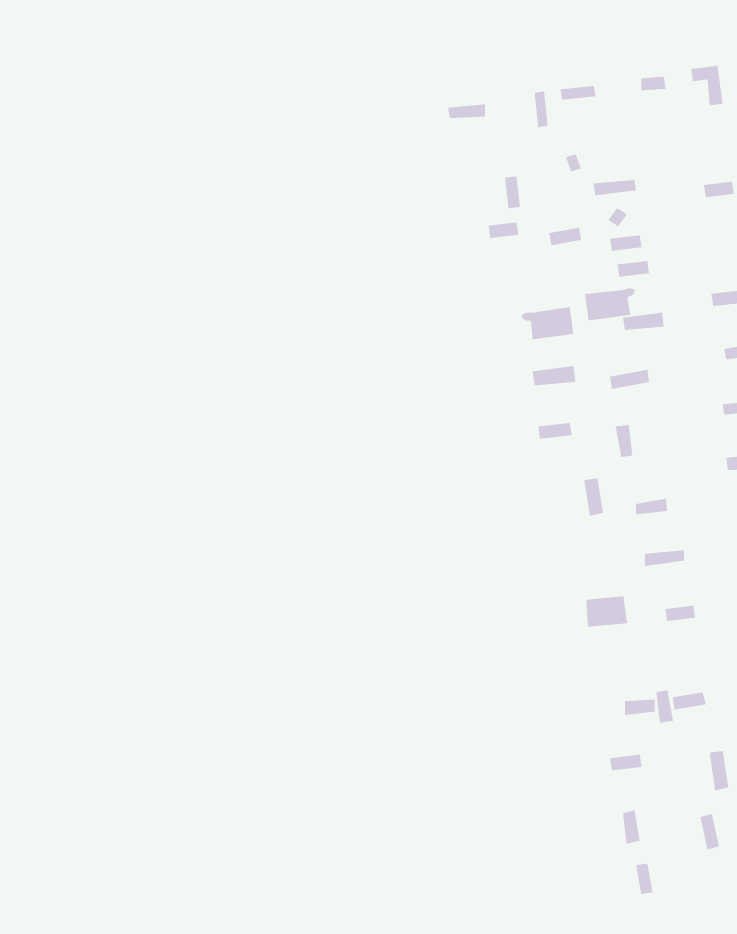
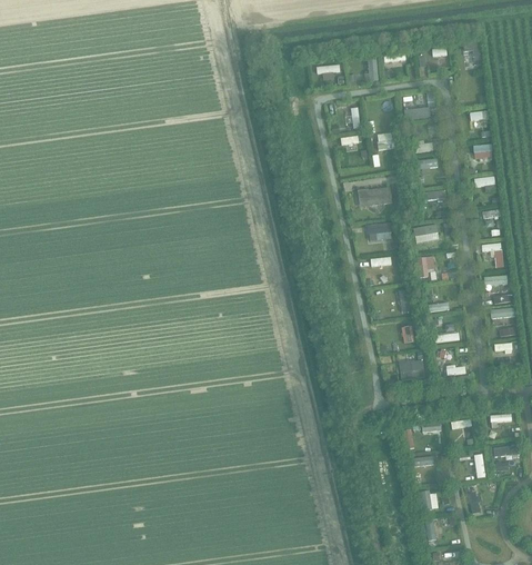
building: [585,288,635,321] -> none

